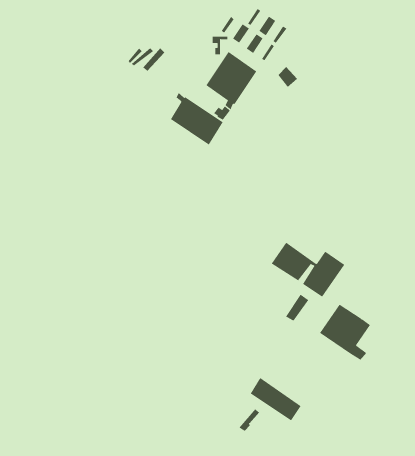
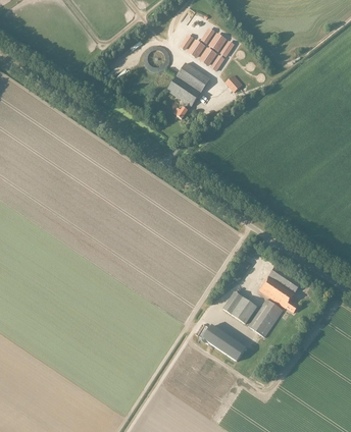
building: [170,92,224,145] -> none
building: [271,242,345,298] -> [223,291,284,336]

